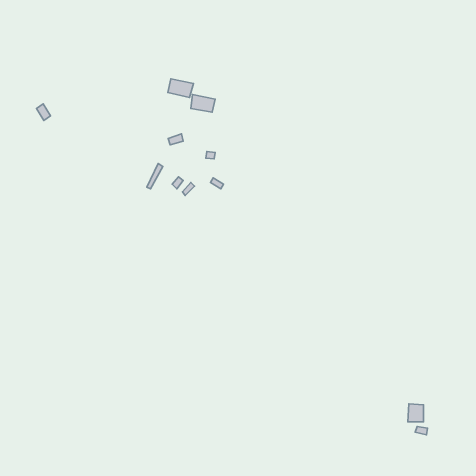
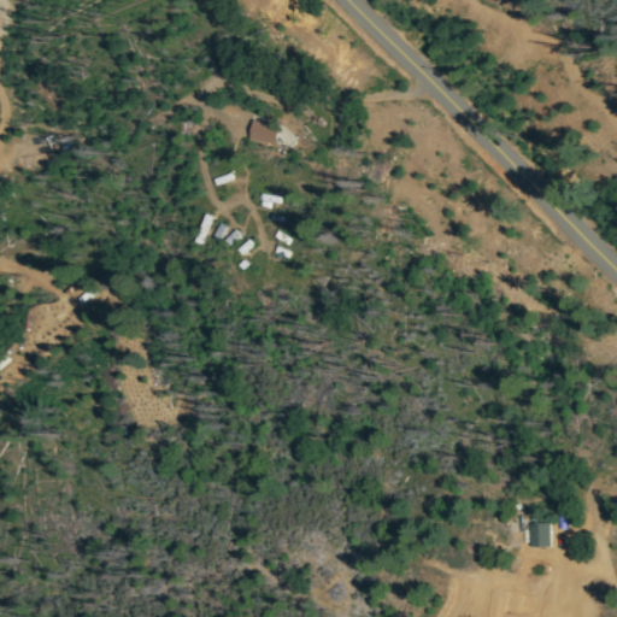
building: [168,79,194,98] -> none

